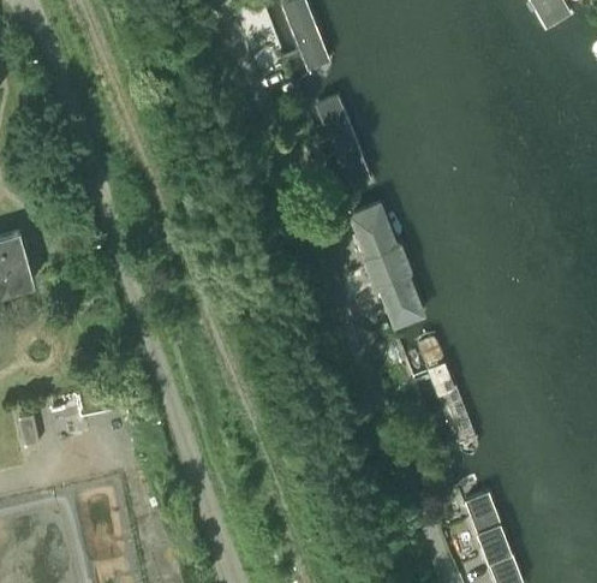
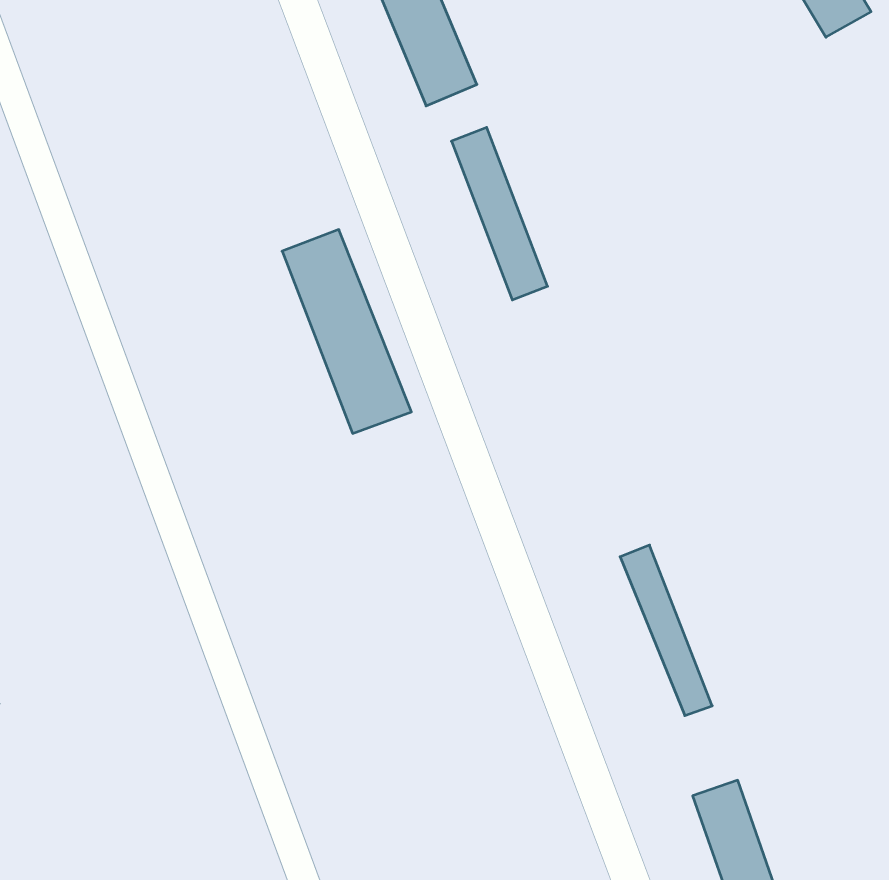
building: [347,203,426,328] -> [282,230,411,433]

